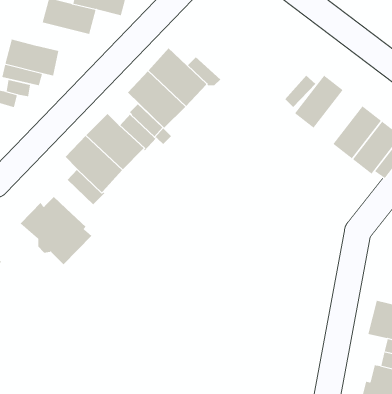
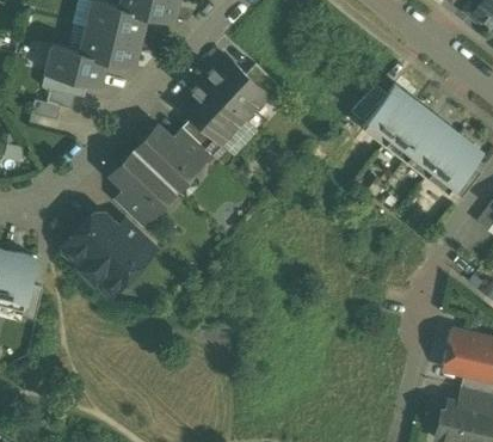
building: none -> [81,26,140,65]
building: none -> [384,100,437,159]
building: none -> [115,217,155,259]

